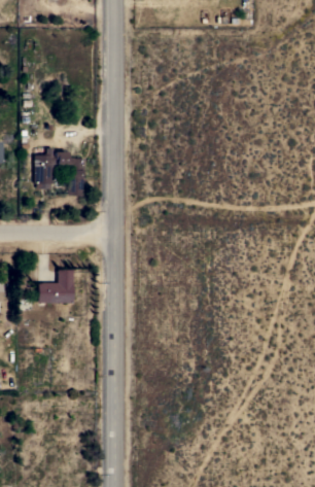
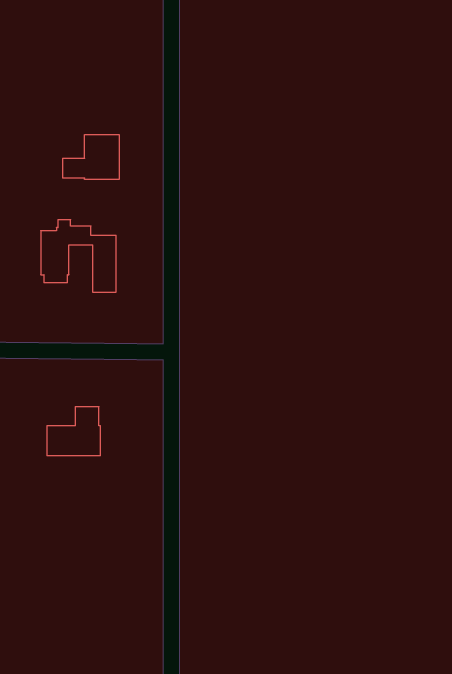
building: none -> [63,135,119,179]

